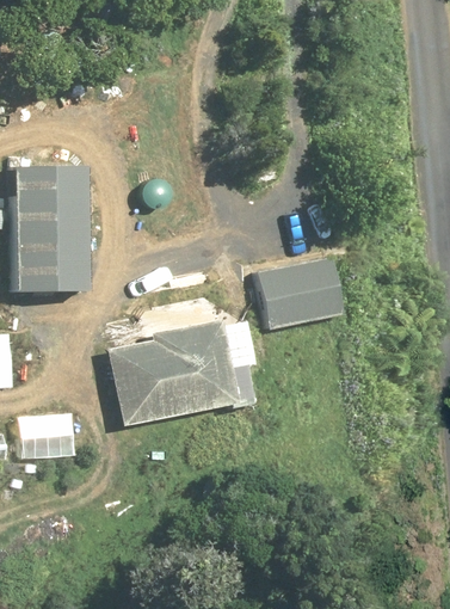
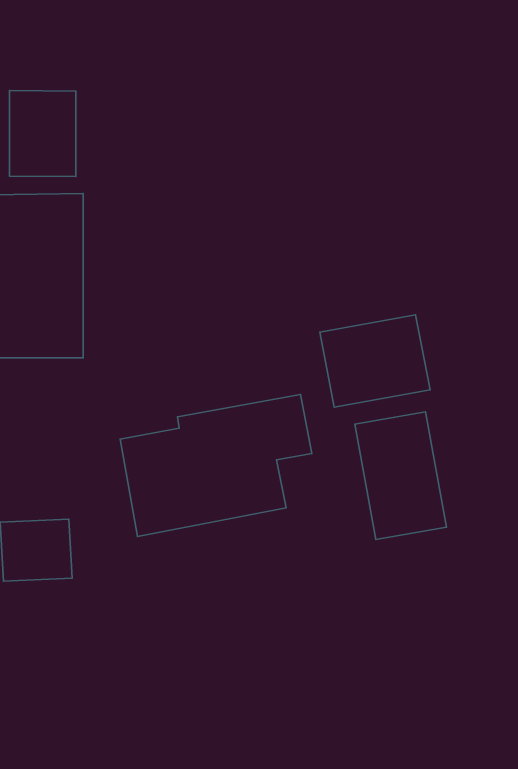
building: none -> [9,90,76,177]
building: none -> [355,412,447,540]

